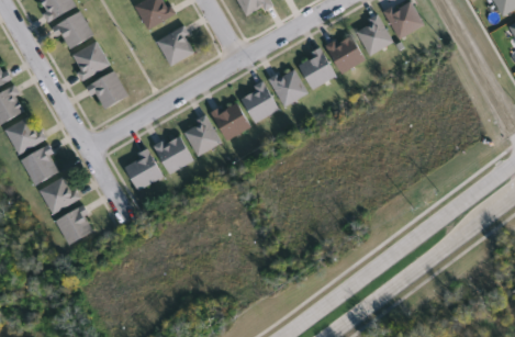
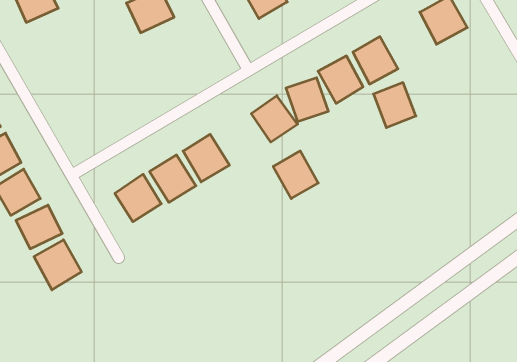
building: [54,12,93,50] -> none
building: [356,16,392,55] -> [373,83,416,128]
building: [156,27,195,66] -> none
building: [71,43,109,79] -> none
building: [88,71,127,111] -> none
building: [212,100,250,141] -> [273,151,318,199]

